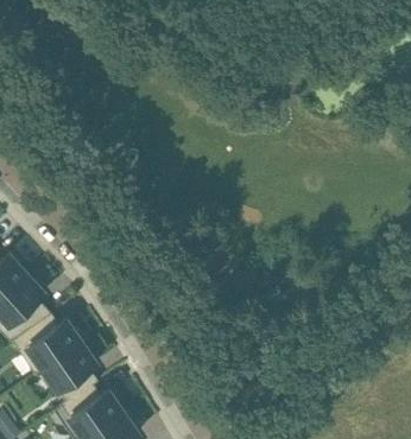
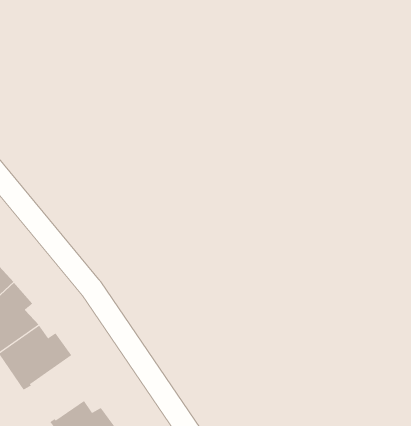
building: [43,342,99,402] -> none

